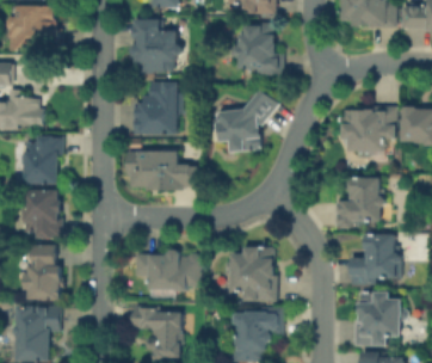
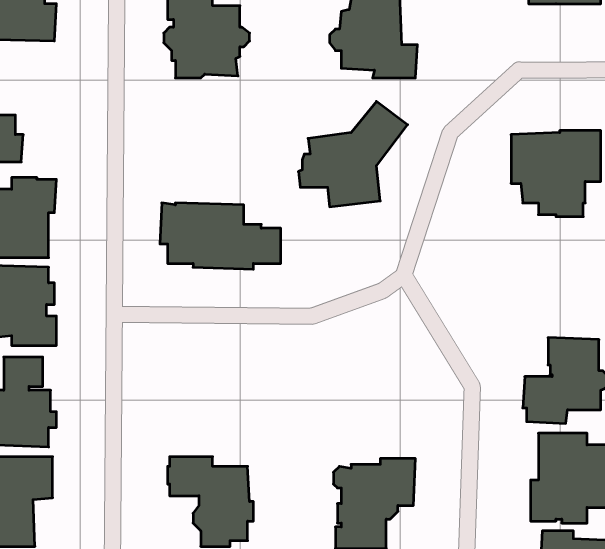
building: [134,81,183,134] -> none
building: [335,177,384,227] -> none
building: [224,246,277,302] -> none
building: [135,248,200,300] -> none

